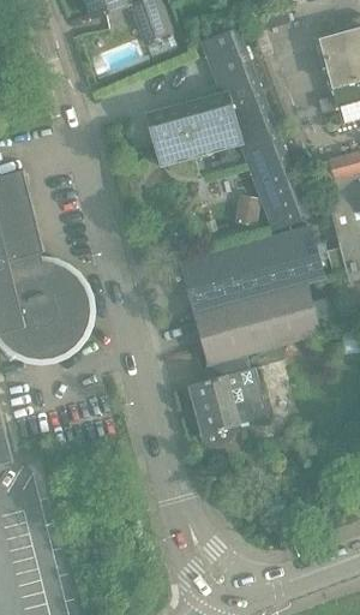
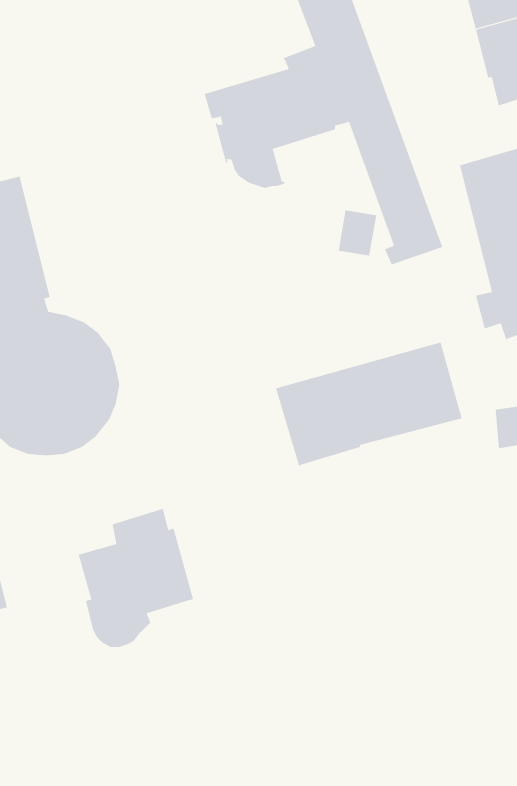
building: [180,227,324,314] -> none
building: [188,354,266,448] -> [78,508,194,647]

